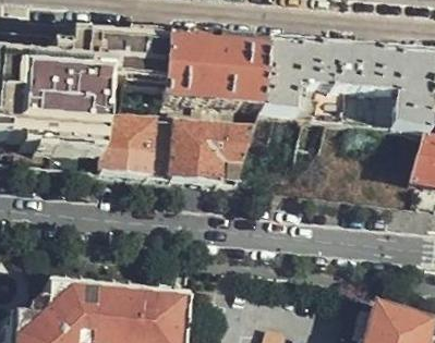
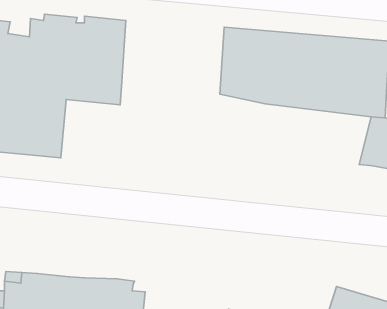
building: [165,28,268,105] -> none
building: [104,110,256,179] -> none

